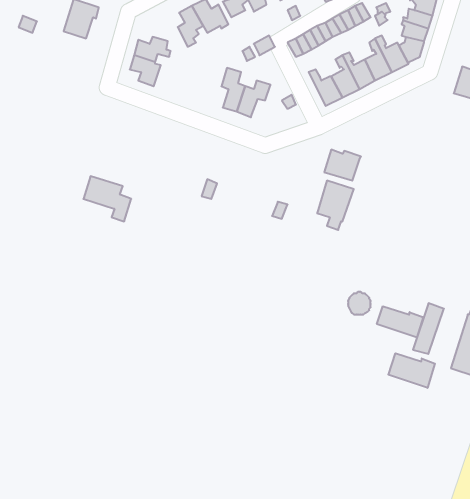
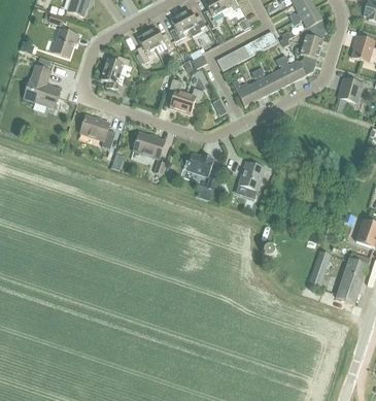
building: none -> [23,63,60,106]
building: none -> [133,132,164,157]
building: [324,150,361,181] -> [186,152,213,174]
building: [83,176,131,221] -> [79,114,114,147]
building: [377,306,423,338] -> none
building: [388,353,435,388] -> none

